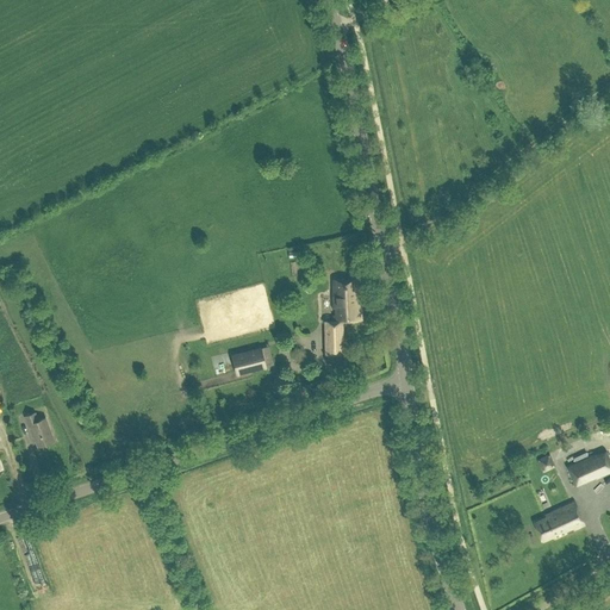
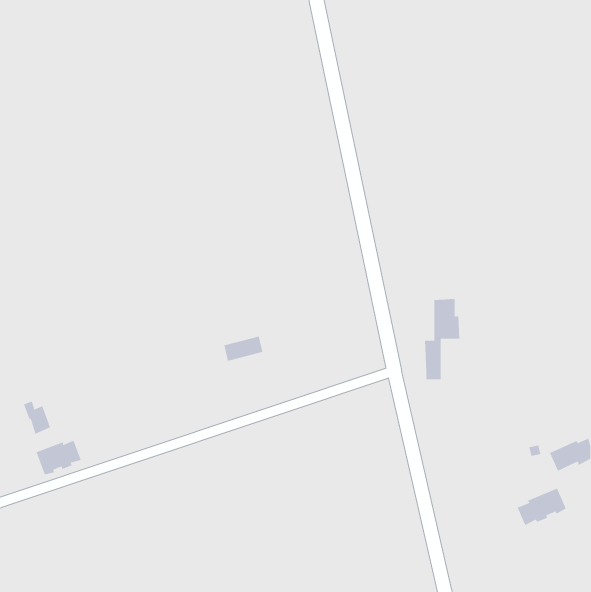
building: [323,278,360,361] -> [424,299,460,380]
building: none -> [36,440,82,475]

